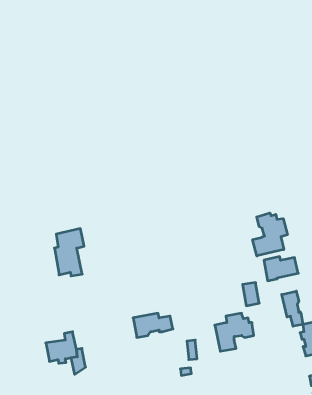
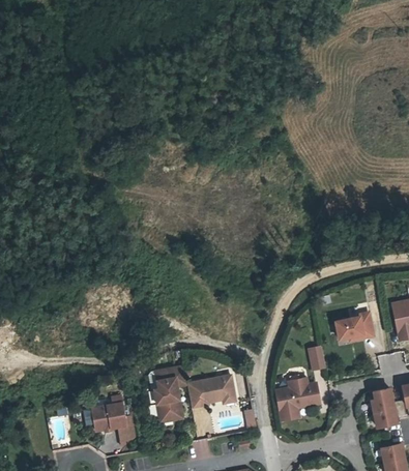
building: [253,213,287,256] -> none
building: [54,229,84,276] -> [152,364,185,417]
building: [282,291,303,326] -> none

